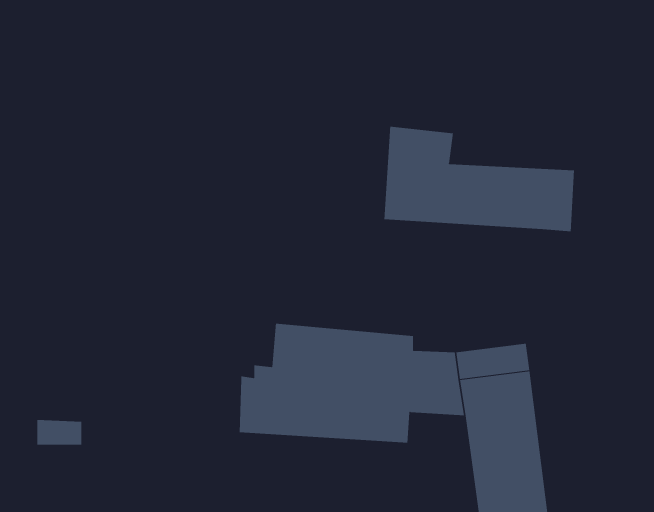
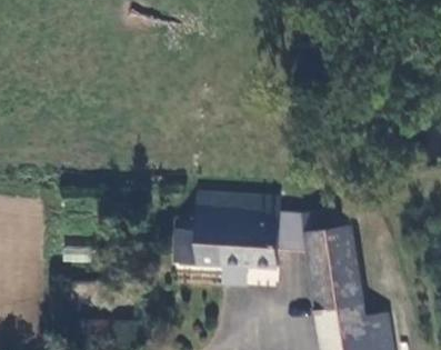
building: [384,126,575,232] -> none

